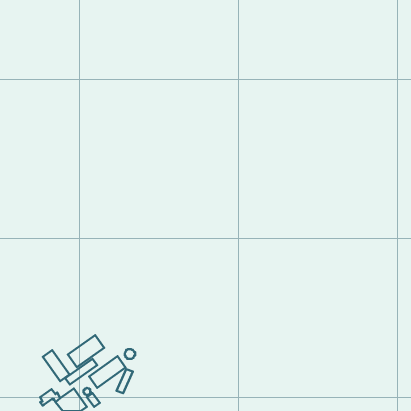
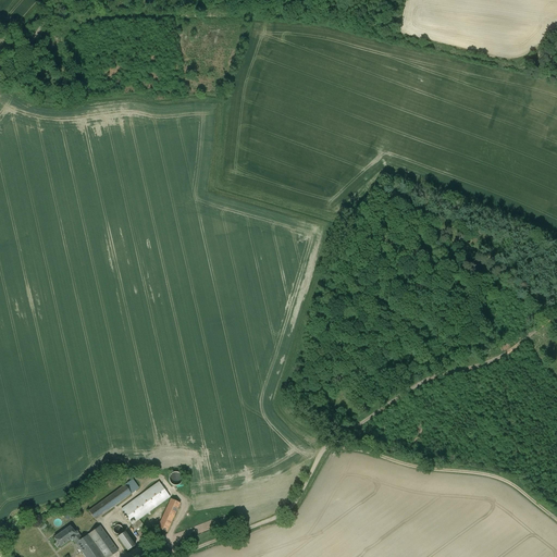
building: [68,335,104,367] -> none
building: [43,350,69,381] -> none

